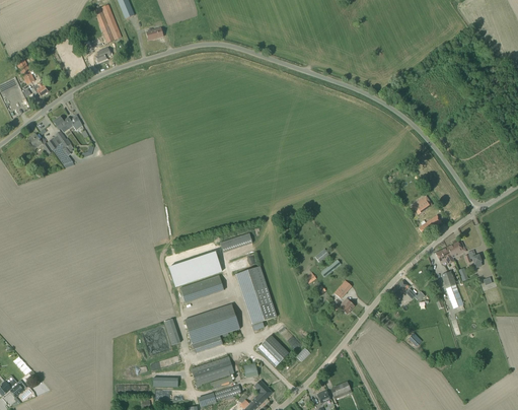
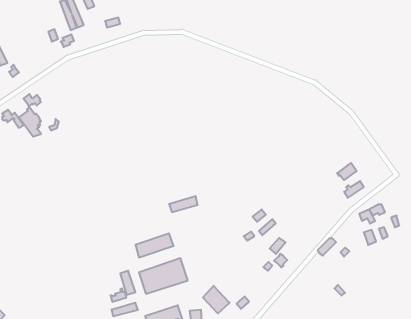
building: [171,251,225,286] -> none
building: [235,266,277,324] -> none

